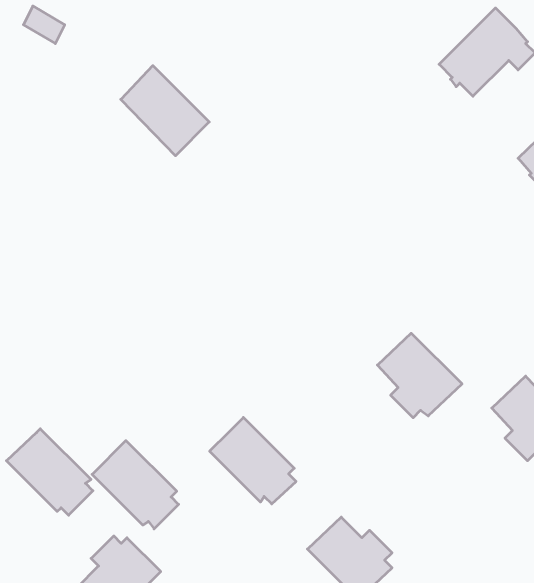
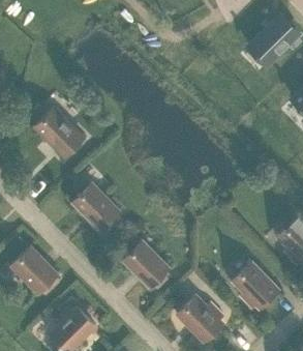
building: [121,66,209,156] -> [35,108,84,157]
building: [377,333,462,418] -> [233,263,279,310]
building: [92,441,179,529] -> [72,183,120,232]

